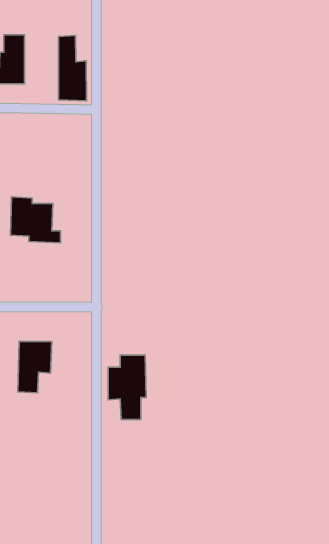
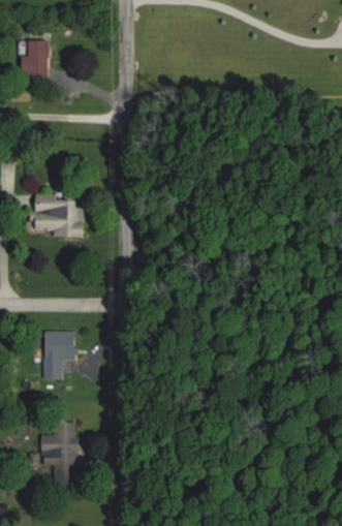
building: [58,36,87,101] -> none
building: [108,355,146,419] -> [39,424,75,485]

